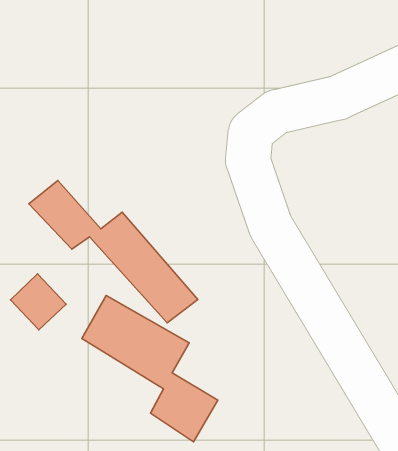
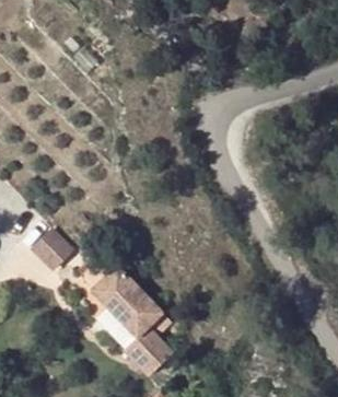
building: [29,181,198,323] -> none

